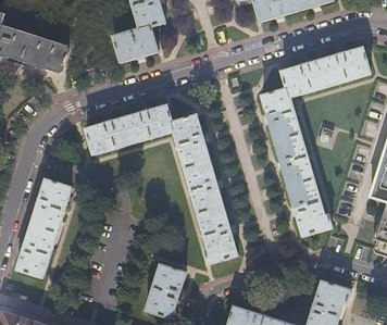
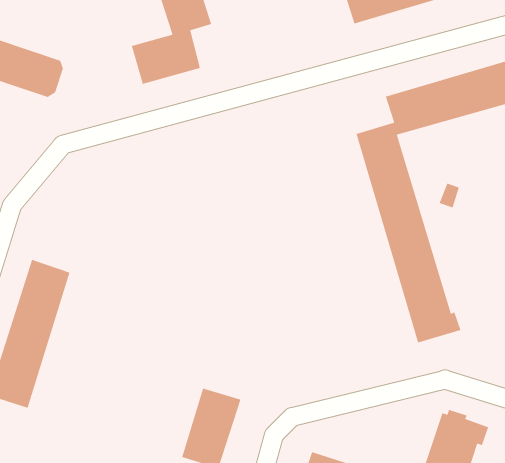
building: [85,103,237,263] -> none

